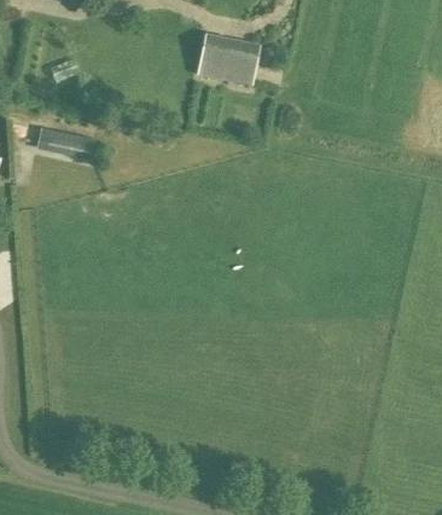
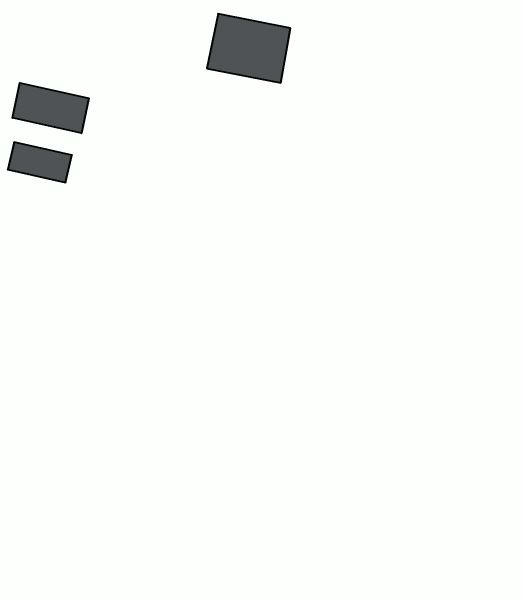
building: none -> [12,83,89,133]

